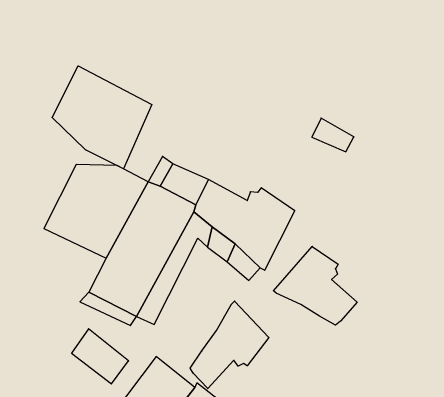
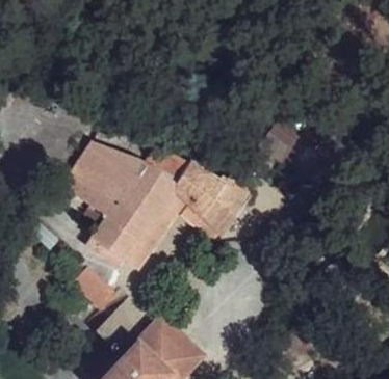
building: [52,66,152,169] -> none
building: [273,246,357,325] -> none
building: [190,301,269,389] -> none

